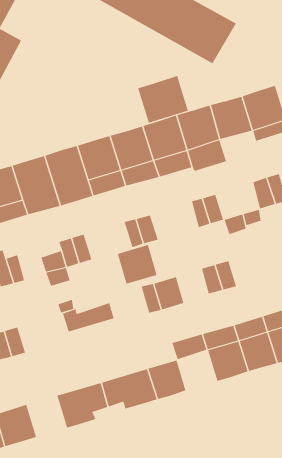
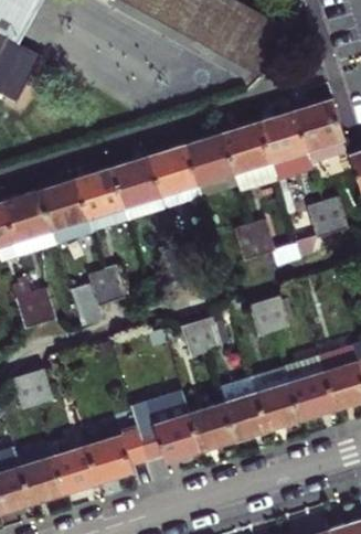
building: [138,75,188,124] -> none
building: none -> [269,150,312,184]
building: [117,244,157,285] -> none
building: [62,303,115,332] -> [130,397,189,430]
building: none -> [222,394,266,439]
building: none -> [54,445,98,491]

